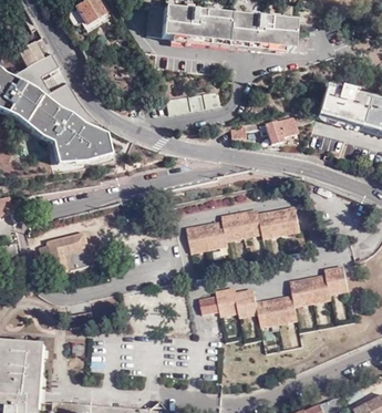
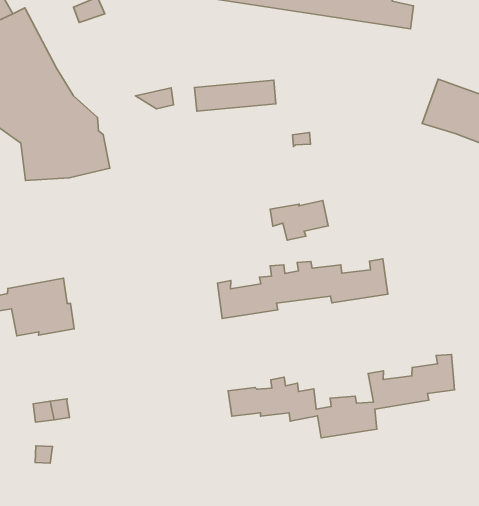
building: [258,115,297,143] -> [270,200,328,240]

